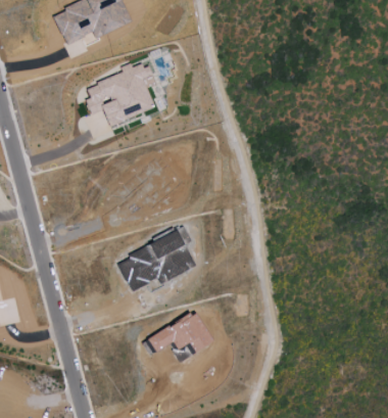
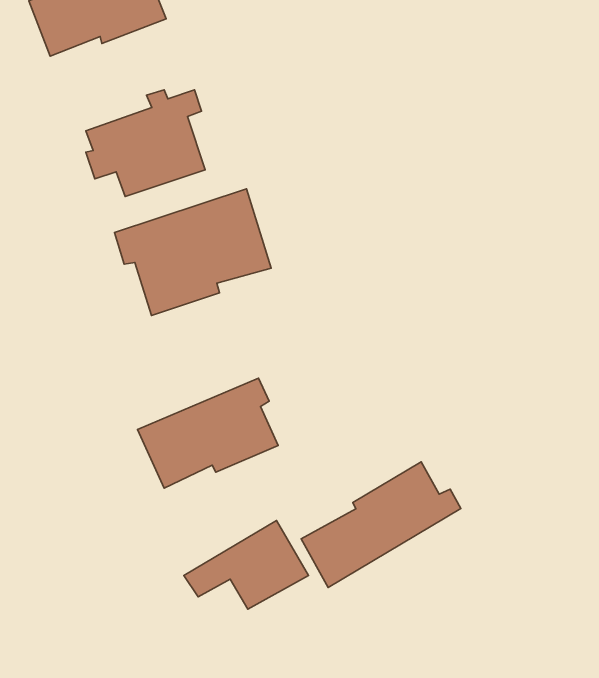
building: none -> [114,189,271,315]
building: none -> [301,462,461,588]

